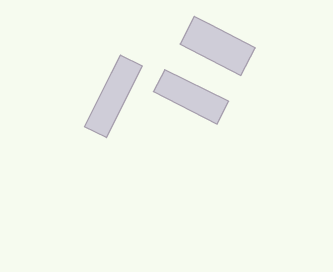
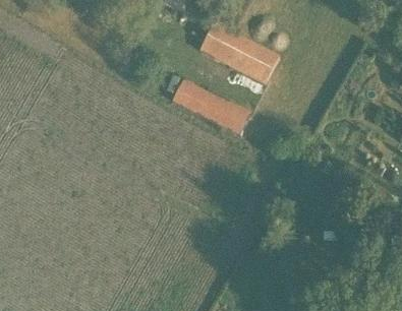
building: [85,55,142,138] -> none

